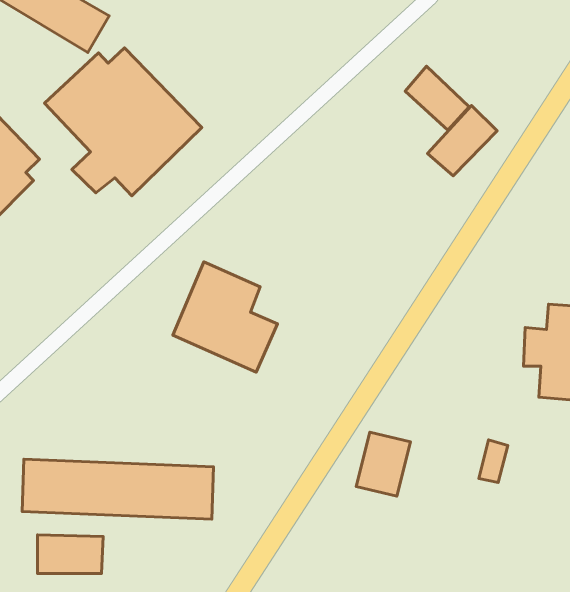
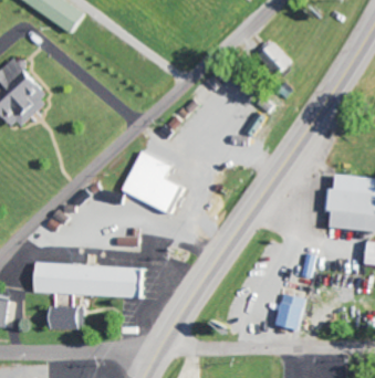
building: [45,48,202,196] -> none
building: [427,106,497,176] -> none
building: [356,432,410,496] -> [273,293,304,329]

